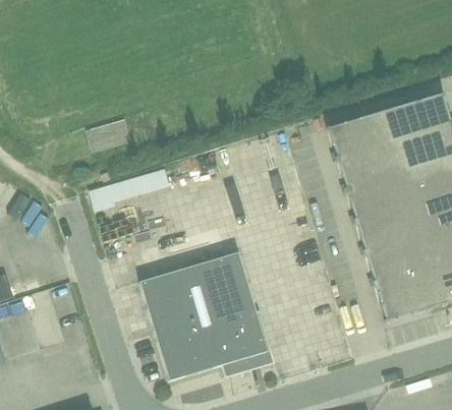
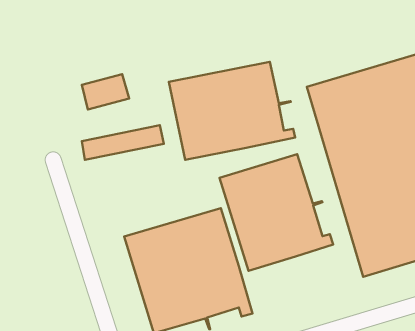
building: none -> [169,62,295,160]
building: none -> [219,154,333,271]

